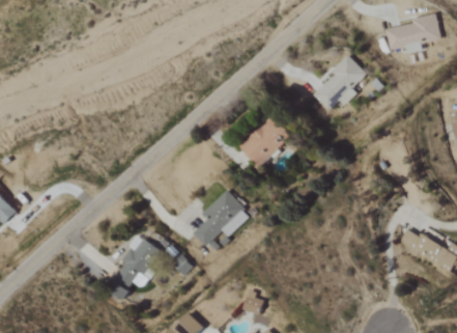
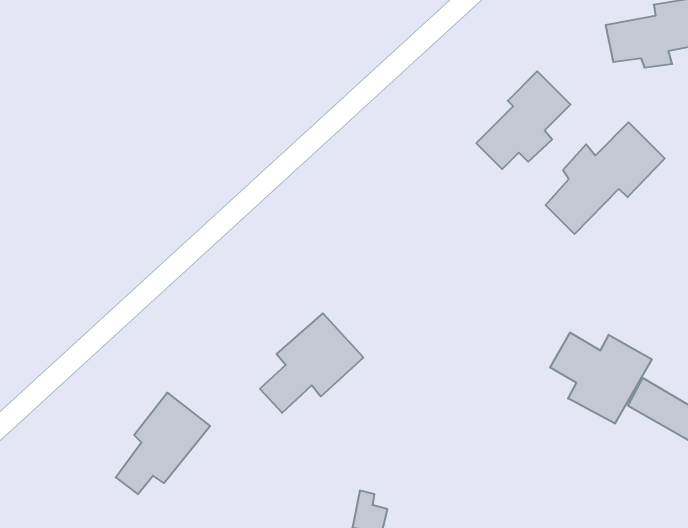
building: none -> [546,122,665,234]
building: [238,115,290,167] -> none
building: none -> [550,332,652,424]

